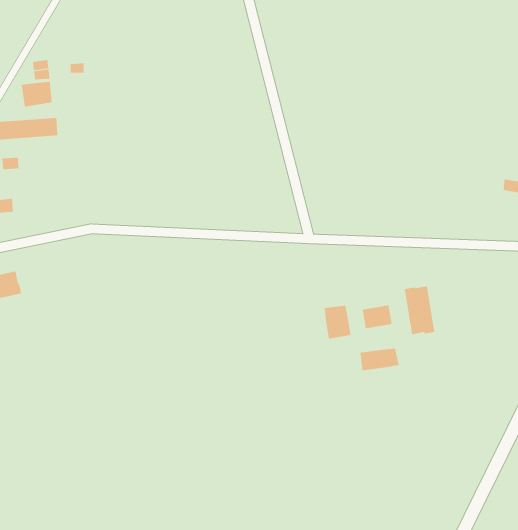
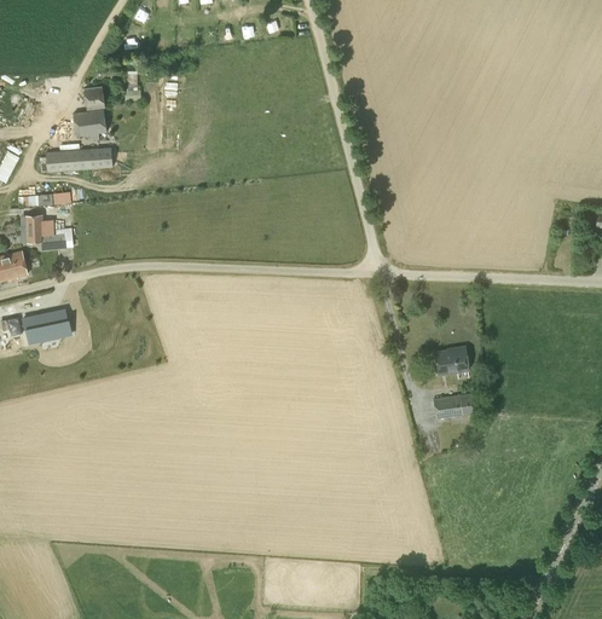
building: [404,286,435,335] -> none
building: [324,305,351,339] -> none

